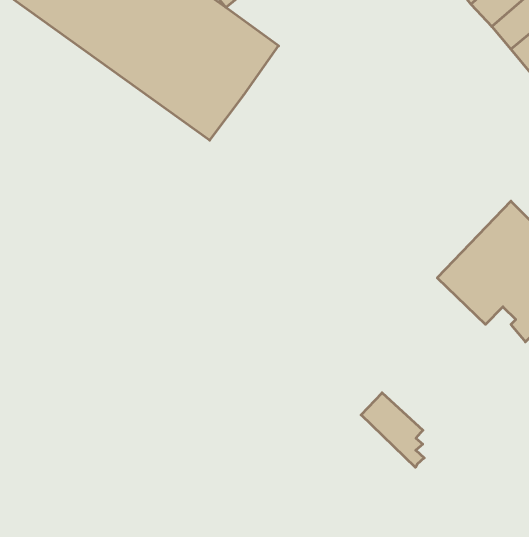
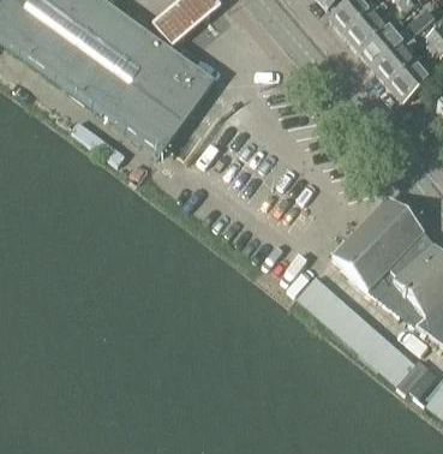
building: [361,393,424,467] -> none

